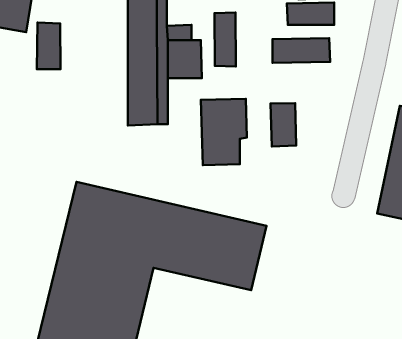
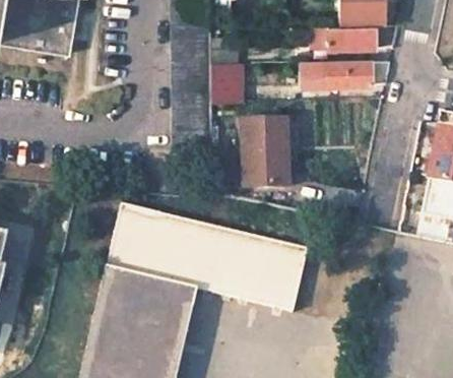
building: [215,12,236,66] -> none
building: [37,23,60,69] -> none
building: [270,103,296,146] -> none

